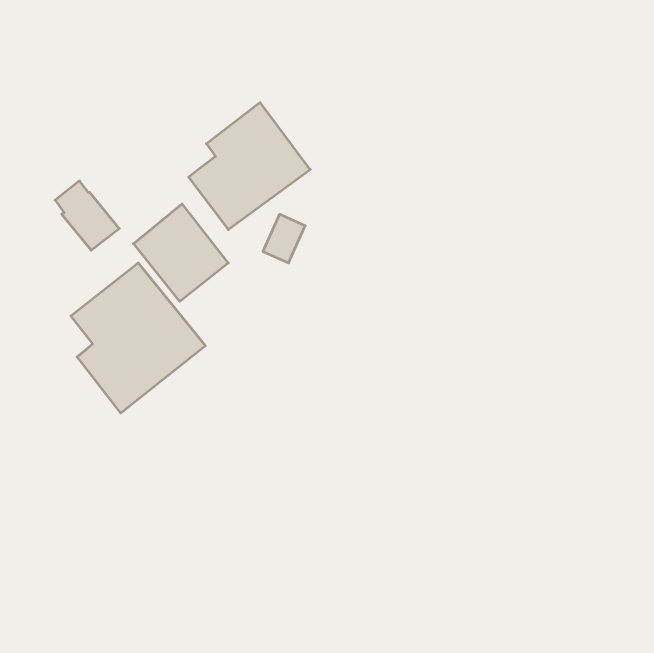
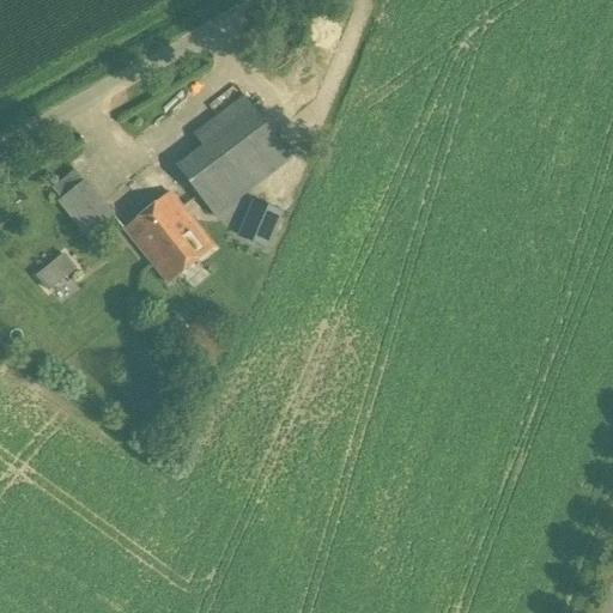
building: [71,263,205,413] -> none
building: none -> [35,251,75,290]

